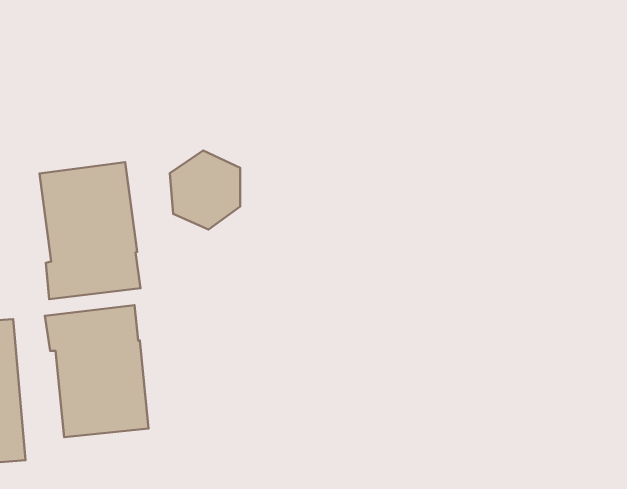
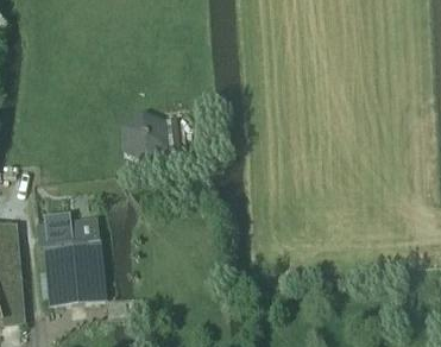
building: [39,162,140,299] -> none

